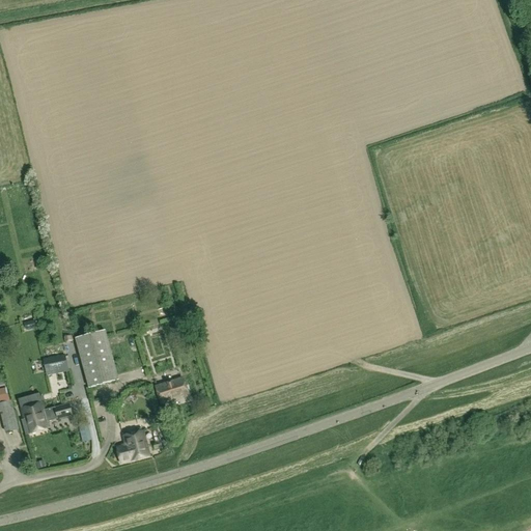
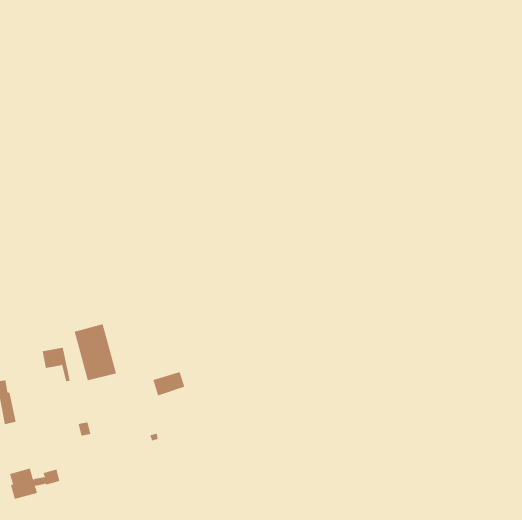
building: [20,399,72,431] -> [9,468,60,499]
building: [116,427,149,460] -> none

